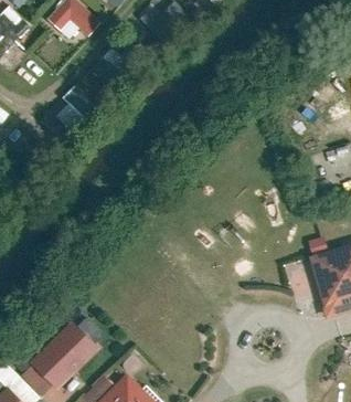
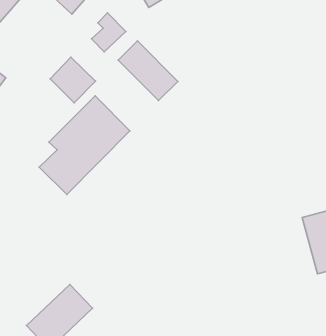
building: none -> [118,41,178,101]
building: none -> [39,96,130,195]

